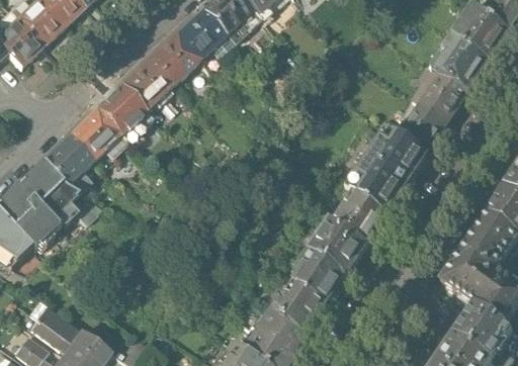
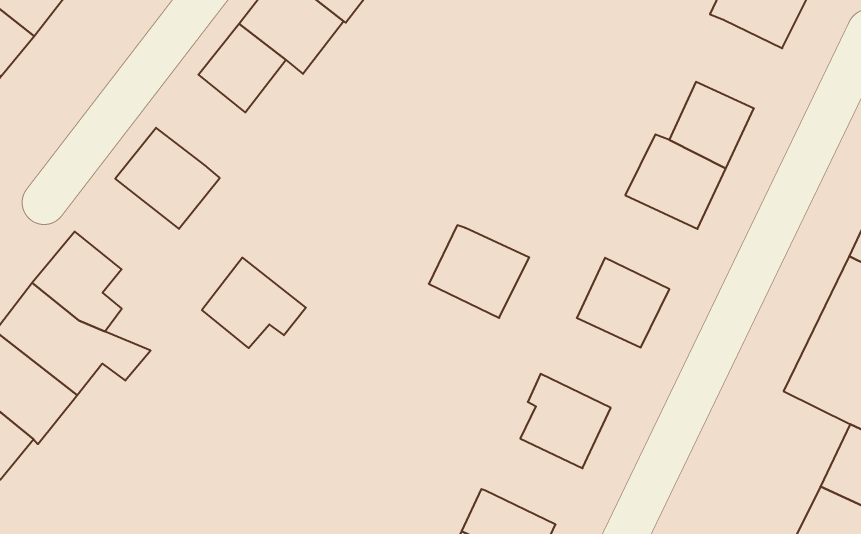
building: [120,60,170,109] -> none
building: [417,73,466,123] -> none
building: [68,109,124,159] -> [202,258,306,348]
building: [349,160,406,213] -> none
building: [309,220,365,274] -> [429,225,529,318]
building: [269,283,324,333] -> none

